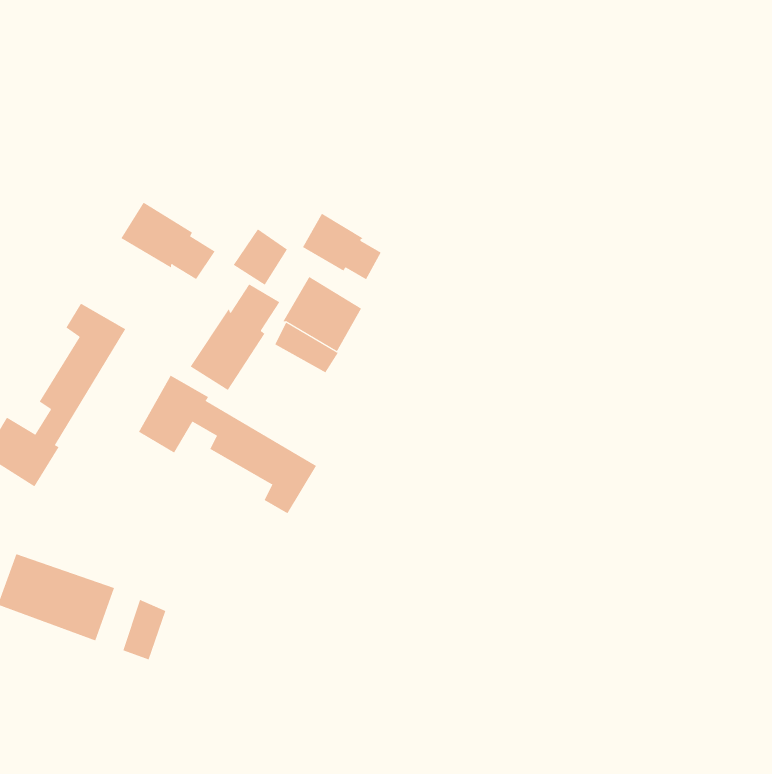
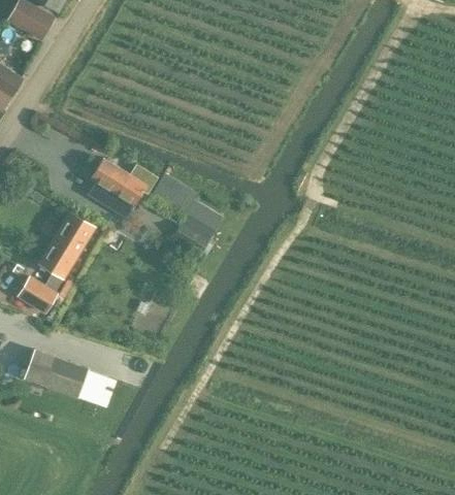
building: [302,213,382,280] -> none
building: [190,283,280,391] -> none
building: [138,375,317,514] -> none

